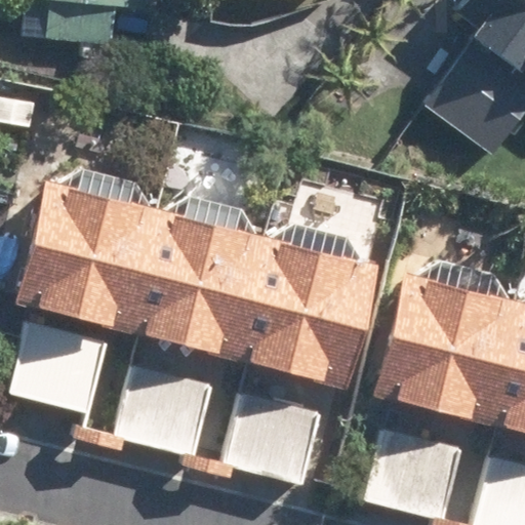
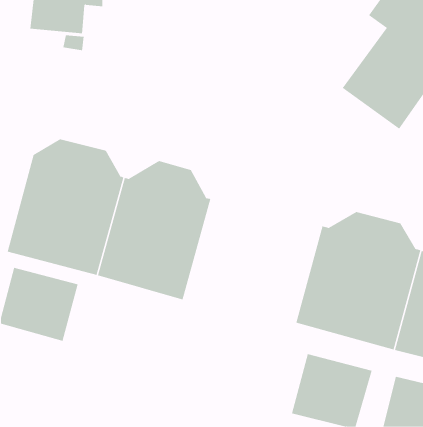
building: [233,224,376,393] -> none
building: [114,366,213,457] -> none
building: [224,394,322,488] -> none

